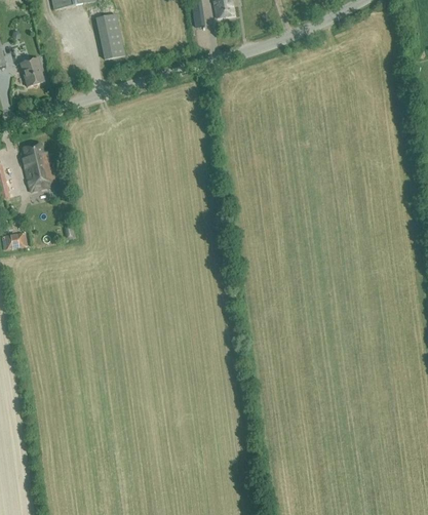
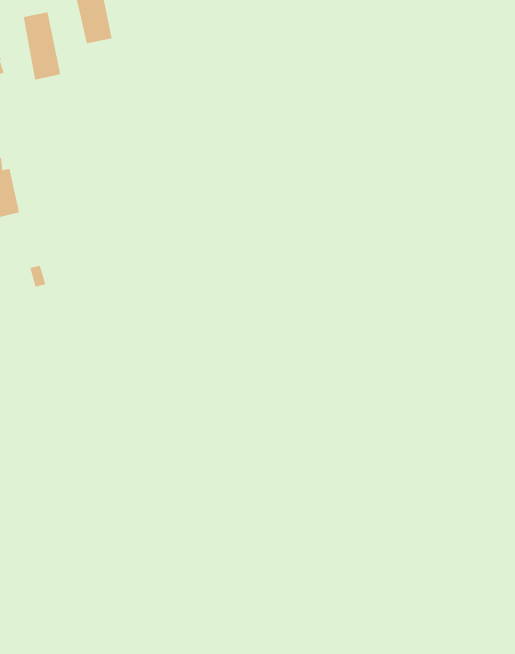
building: none -> [23,12,61,80]

